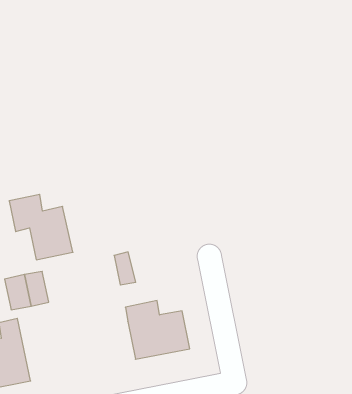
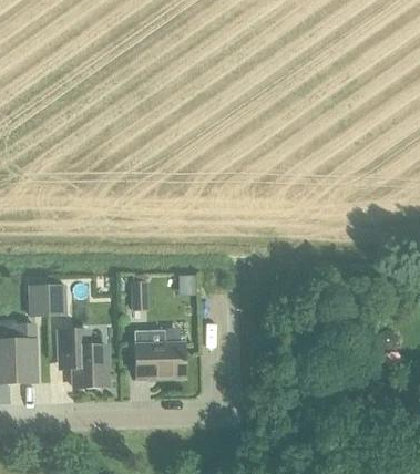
building: [9,194,73,260] -> [59,329,109,388]

